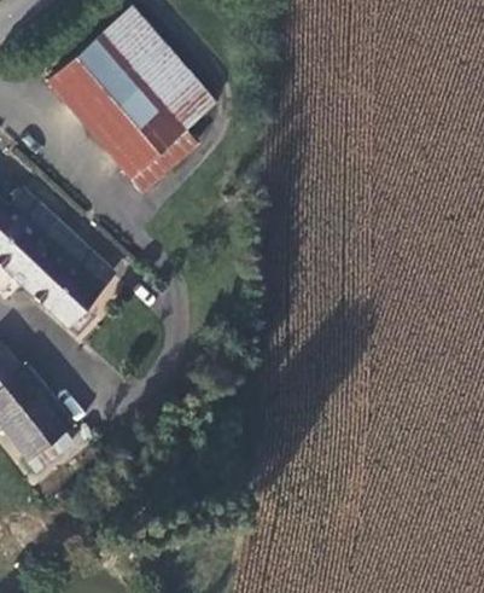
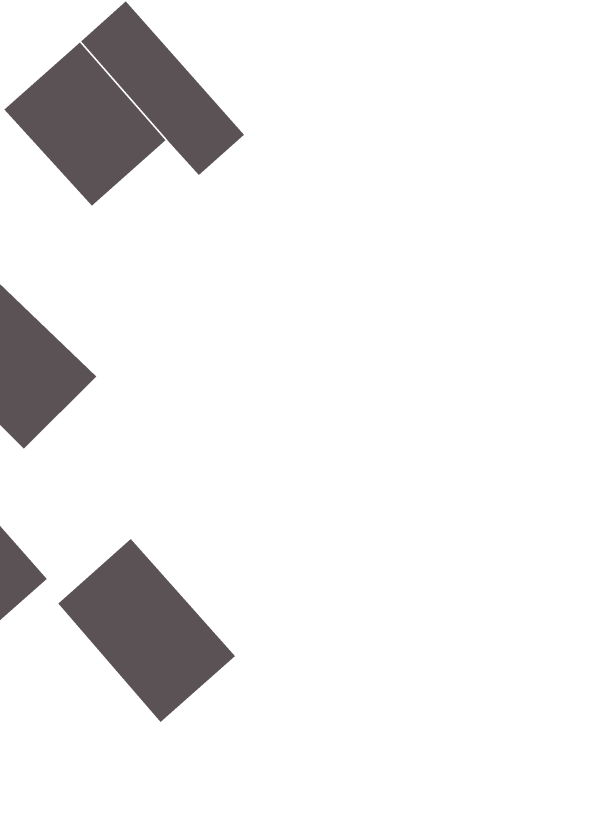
building: [107,105,194,192] -> none
building: none -> [57,538,236,723]

